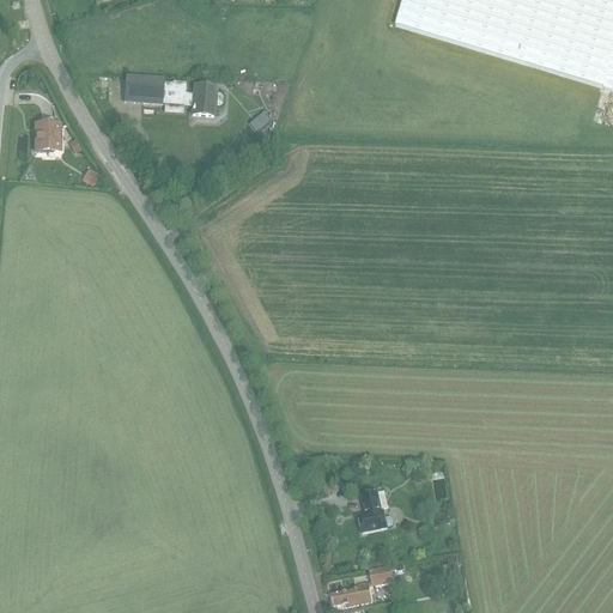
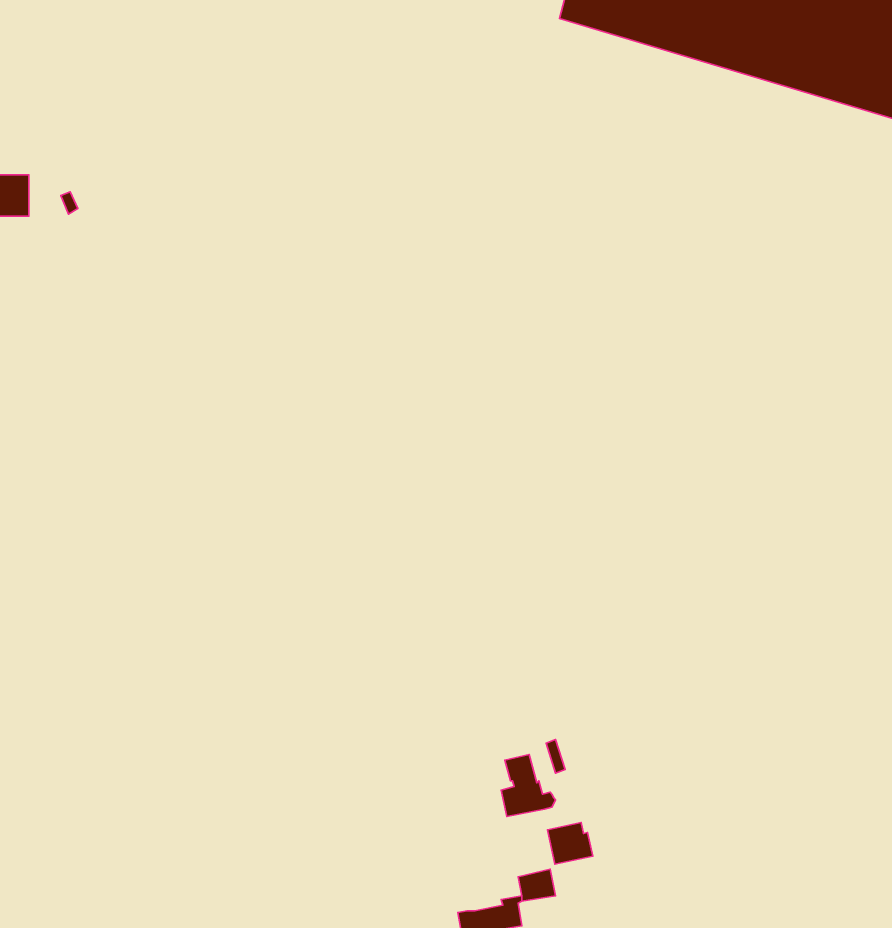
building: [123,72,221,114] -> none
building: none -> [547,822,593,864]

